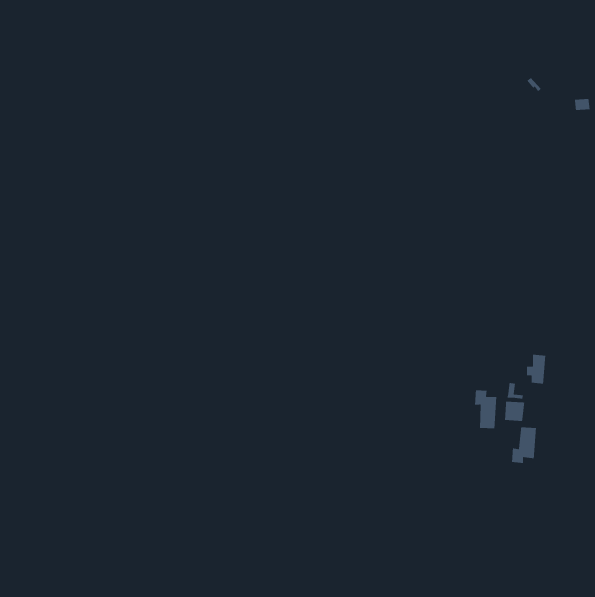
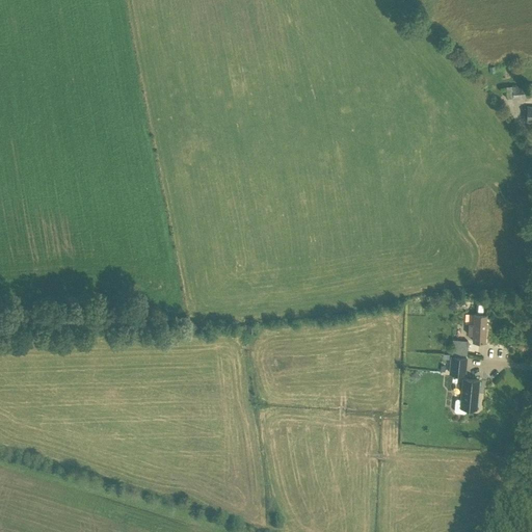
building: [474,390,497,429] -> none

